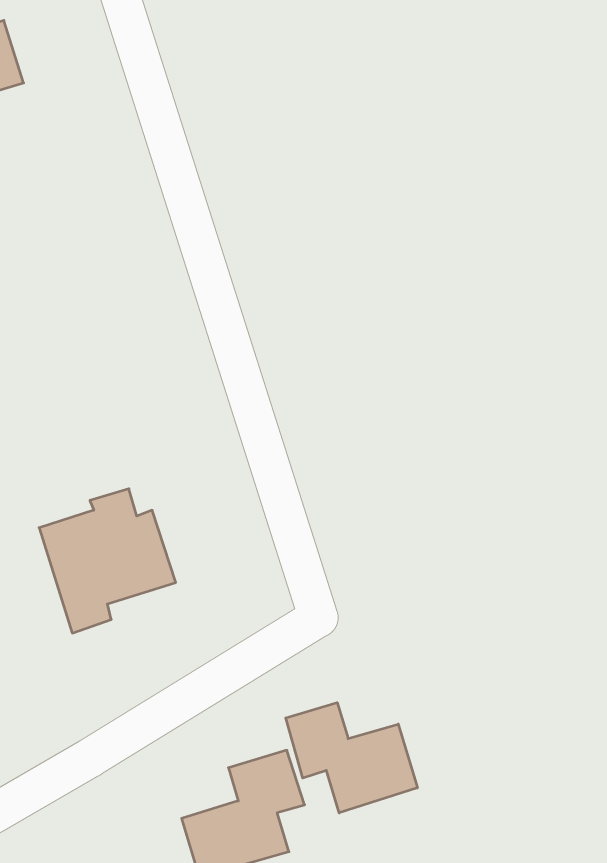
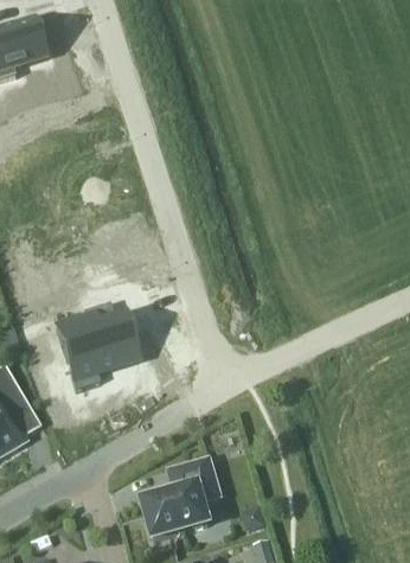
building: [286,703,417,813] -> none

